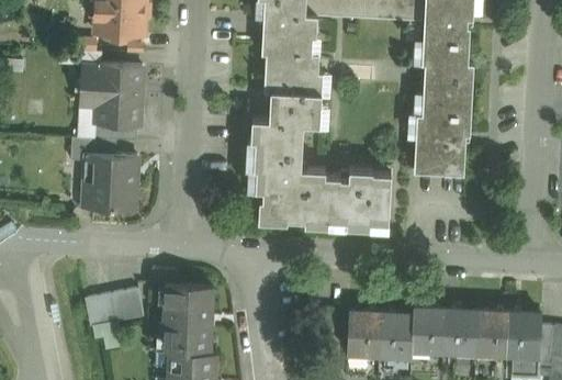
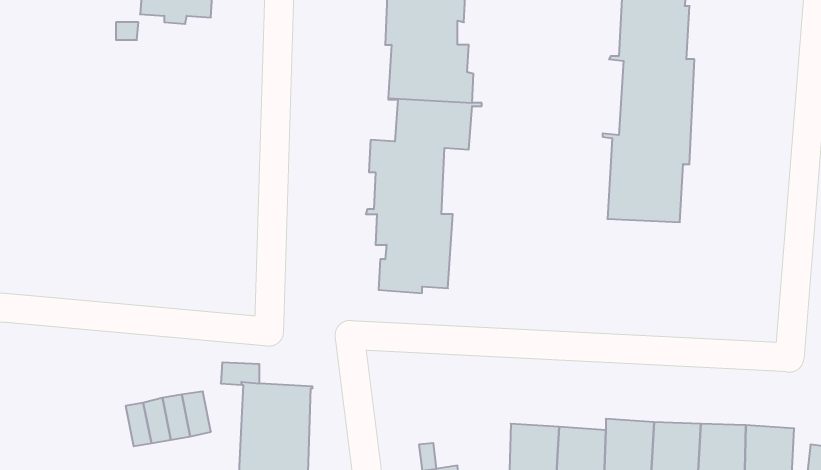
building: [79,65,143,128] -> none
building: [89,155,137,212] -> none
building: [304,170,391,230] -> none

